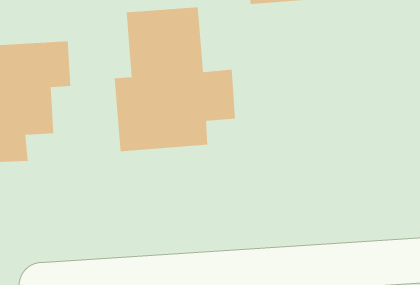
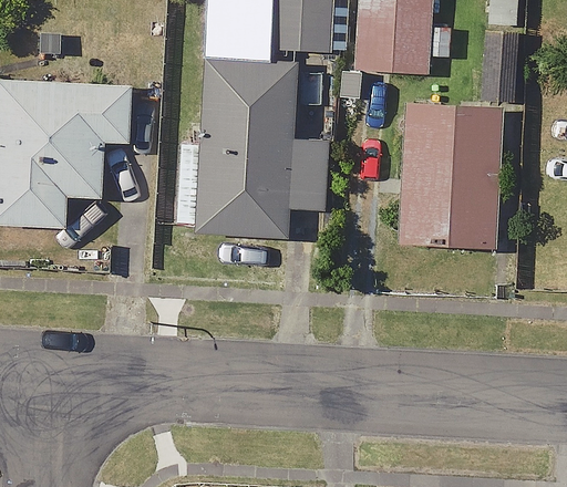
building: none -> [396,103,502,246]

